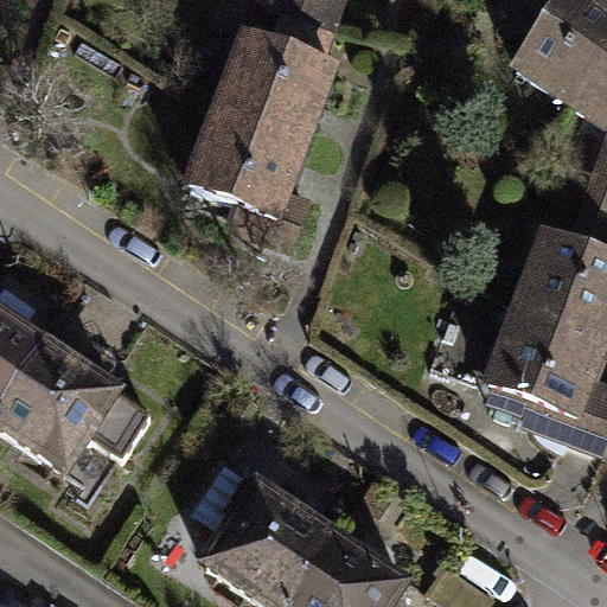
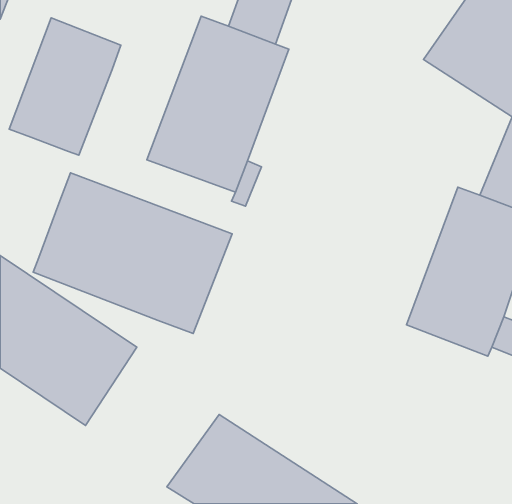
building: none -> [9,18,121,155]
building: none -> [33,173,232,333]

